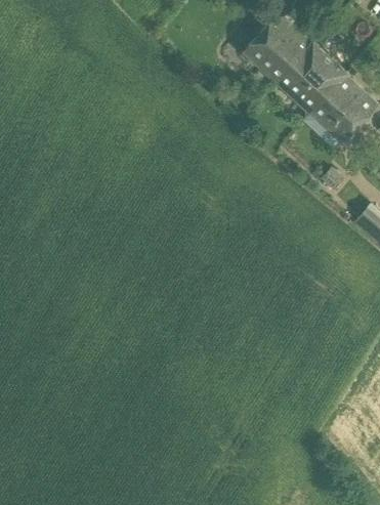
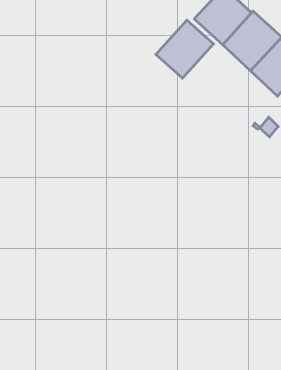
building: none -> [156,20,214,78]

